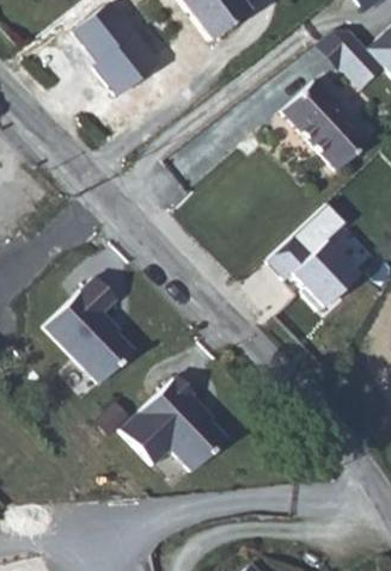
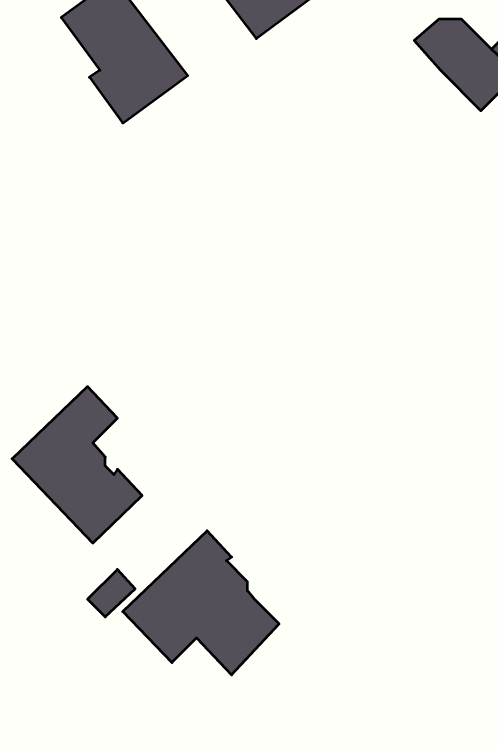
building: [283,81,371,170] -> none
building: [267,201,362,314] -> none

